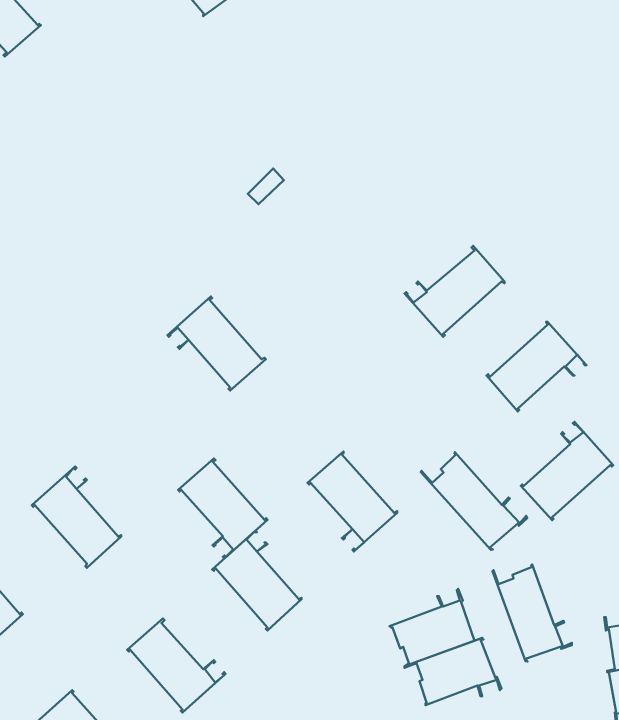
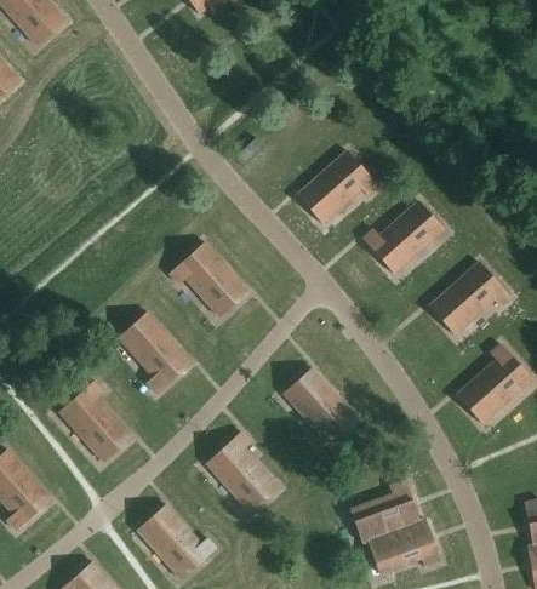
building: none -> [296,150,377,223]
building: [421,452,527,550] -> none
building: [178,459,268,558] -> [118,311,190,393]
building: [493,564,572,661] -> none

